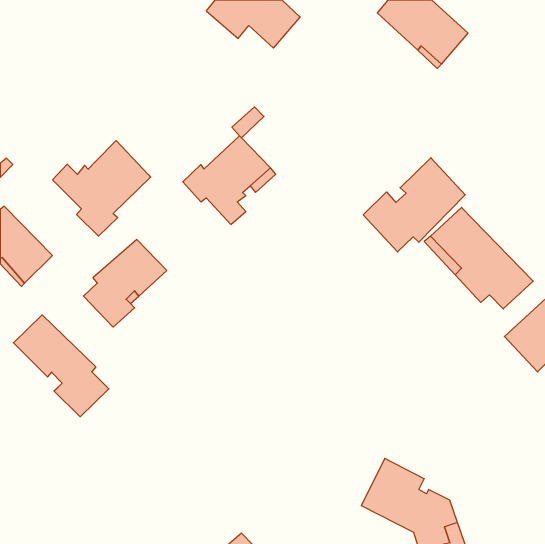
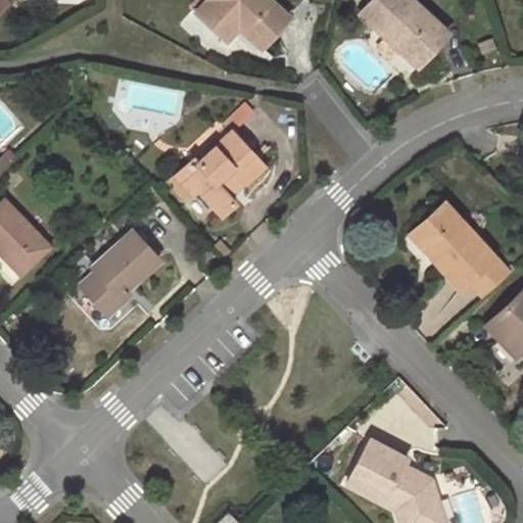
building: [53,141,151,236] -> none
building: [363,158,465,252] -> none
building: [13,315,109,417] -> none

